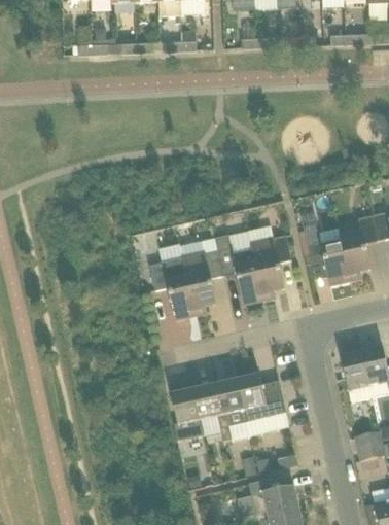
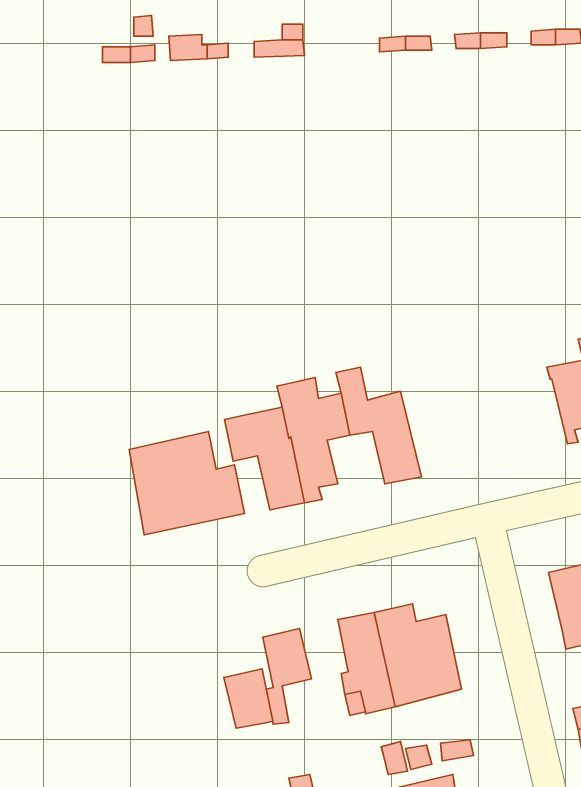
building: [304,226,352,284] -> none
building: [250,234,291,299] -> none
building: none -> [129,432,245,535]
building: [193,383,222,418] -> [224,669,273,728]

